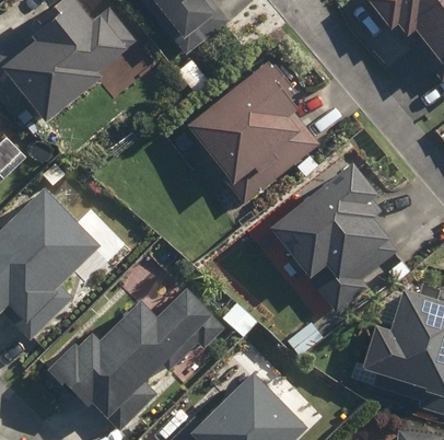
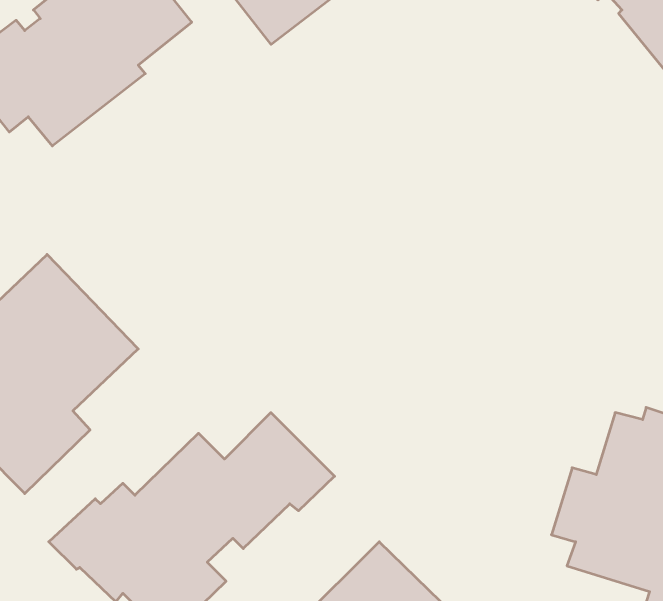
building: [190,61,318,204] -> none
building: [271,162,390,312] -> none

